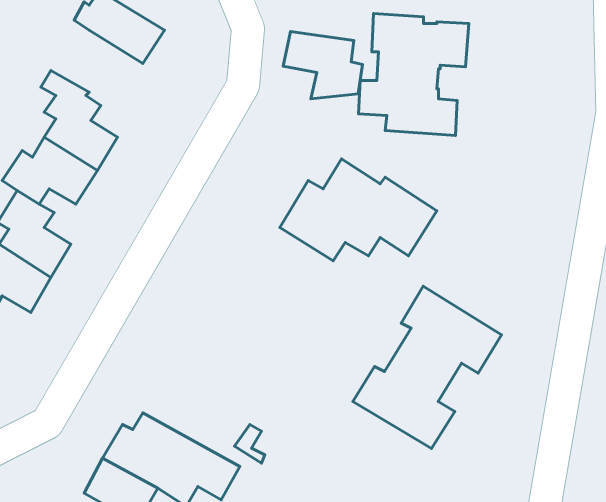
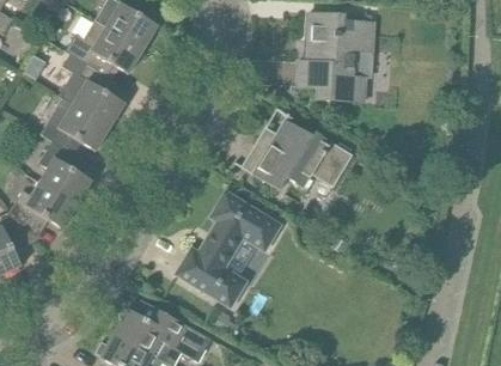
building: none -> [77,25,142,73]
building: [283,31,362,99] -> none
building: [353,286,502,448] -> [176,190,282,306]

